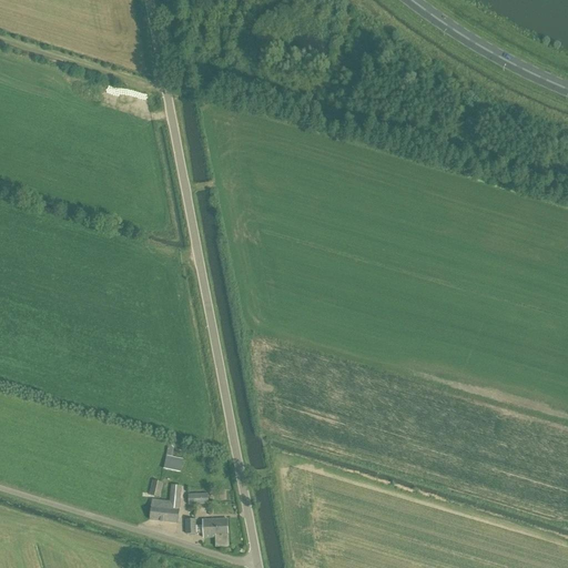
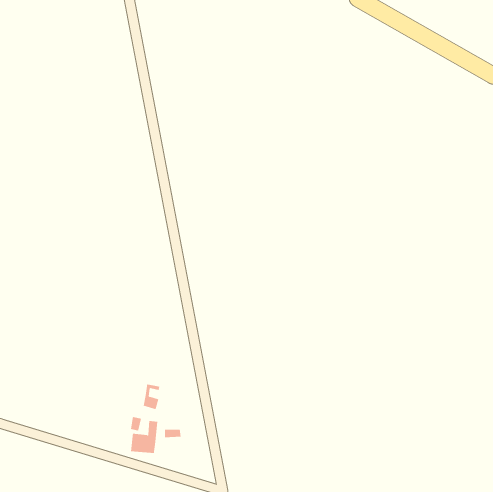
building: [186,517,227,545] -> none

